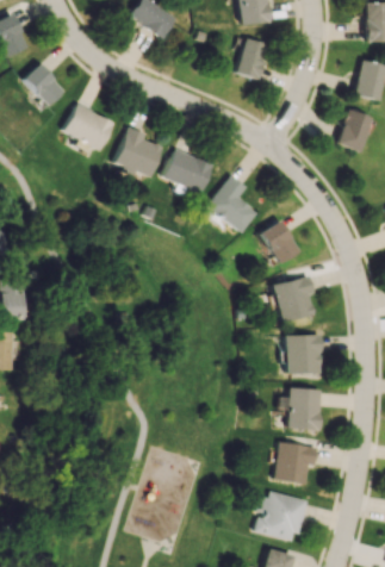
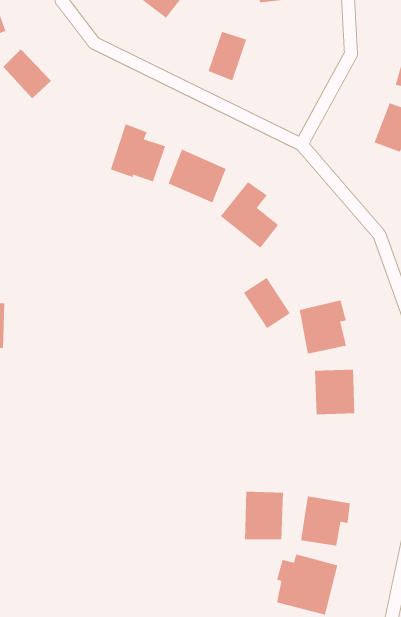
building: [235,37,268,80] -> [208,31,247,82]
building: [62,102,113,149] -> none
building: [259,219,299,263] -> [243,277,291,329]
building: [287,387,321,429] -> [244,491,284,540]

